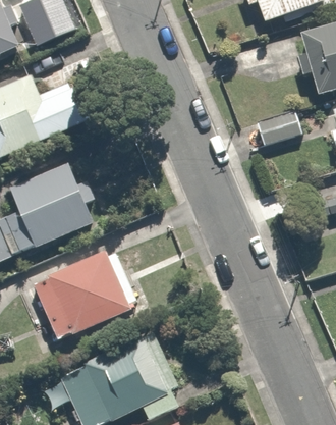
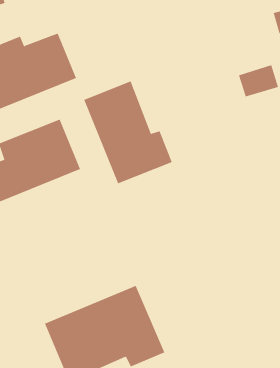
building: none -> [83,81,172,184]
building: [34,251,137,340] -> none

